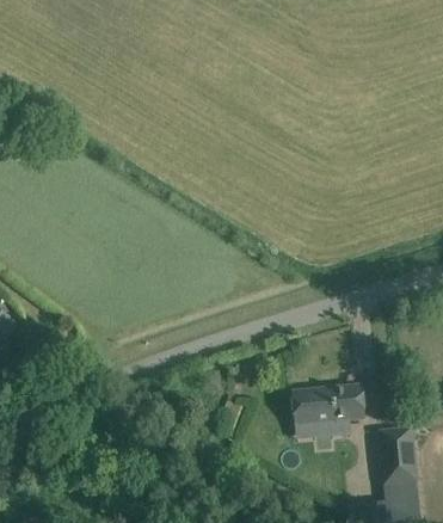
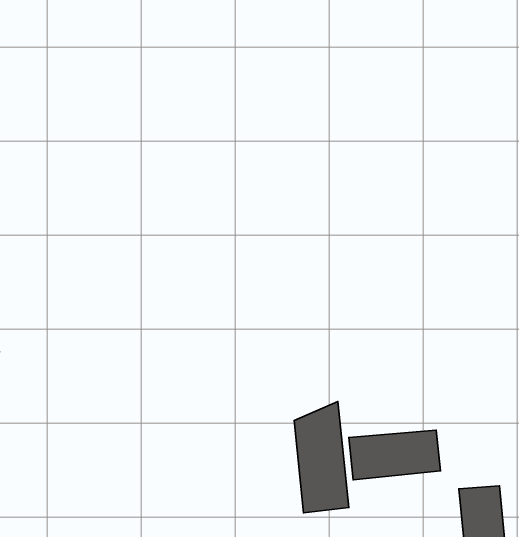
building: none -> [294,402,349,513]

